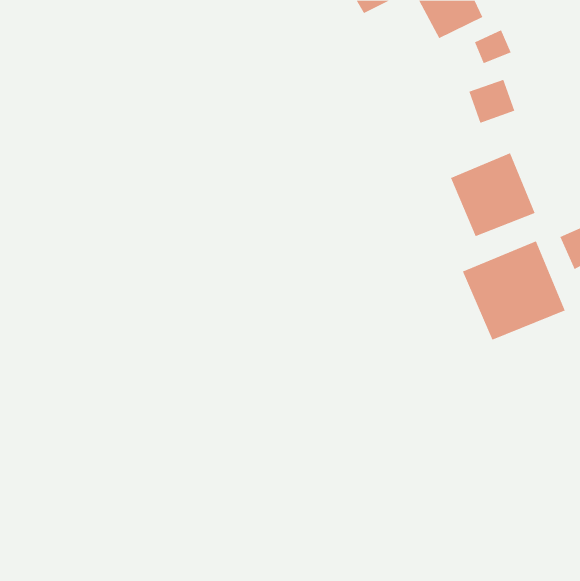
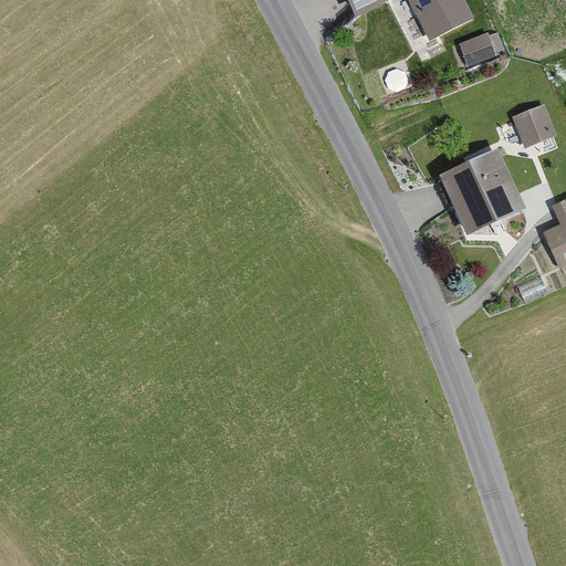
building: [469,79,515,124] -> [514,101,559,144]
building: [462,240,565,341] -> none

